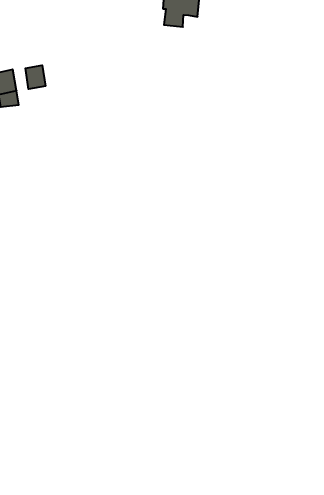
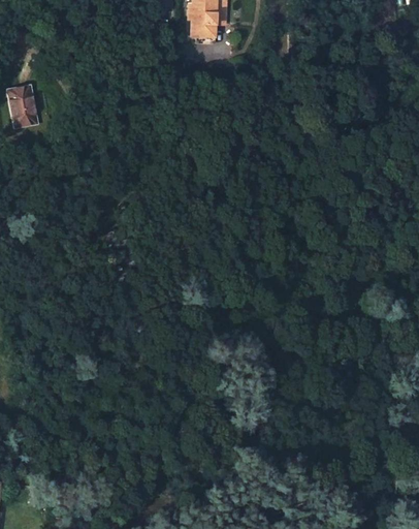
building: [25,65,45,89] -> none

